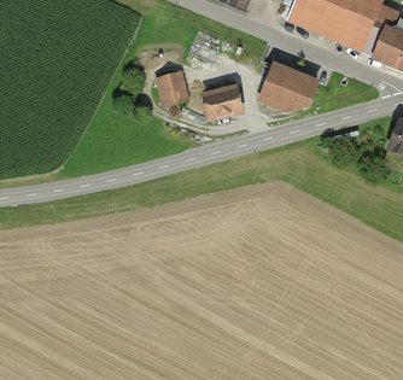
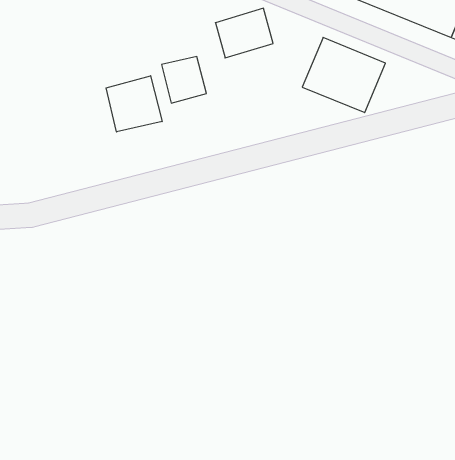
building: none -> [106,76,162,132]
building: [195,88,239,125] -> [215,8,273,58]

